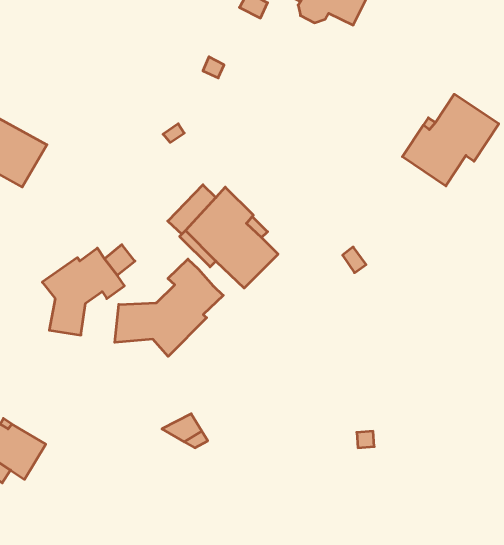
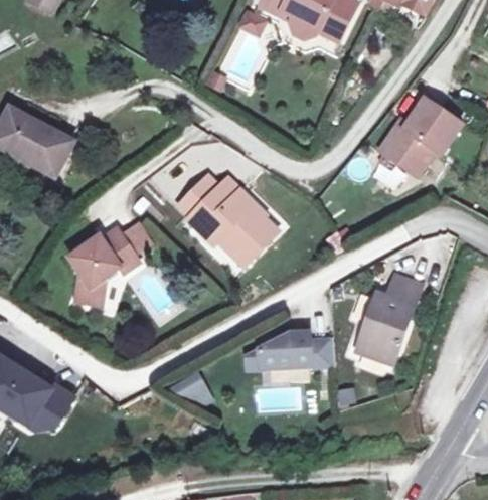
building: [115,259,223,356] -> none
building: none -> [359,274,423,360]
building: none -> [259,333,333,367]

